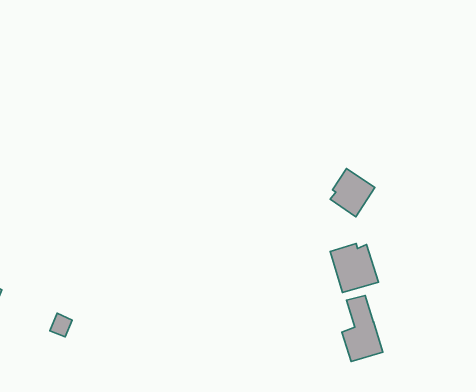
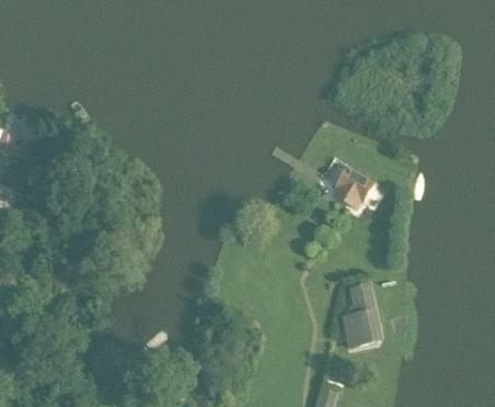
building: [330,243,379,292] -> none

